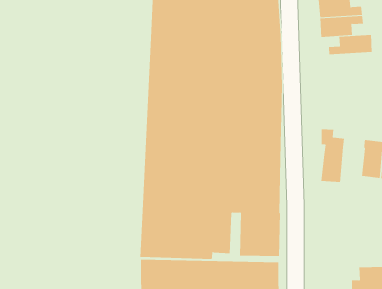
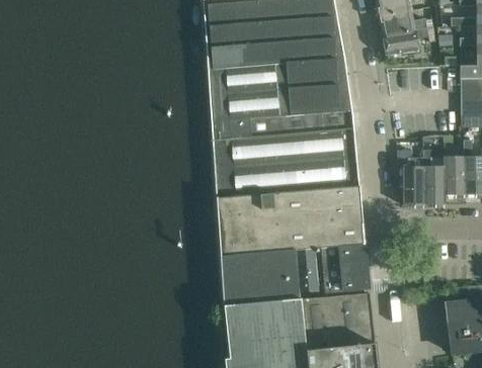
building: [329,34,372,55] -> none
building: none -> [422,147,445,205]

